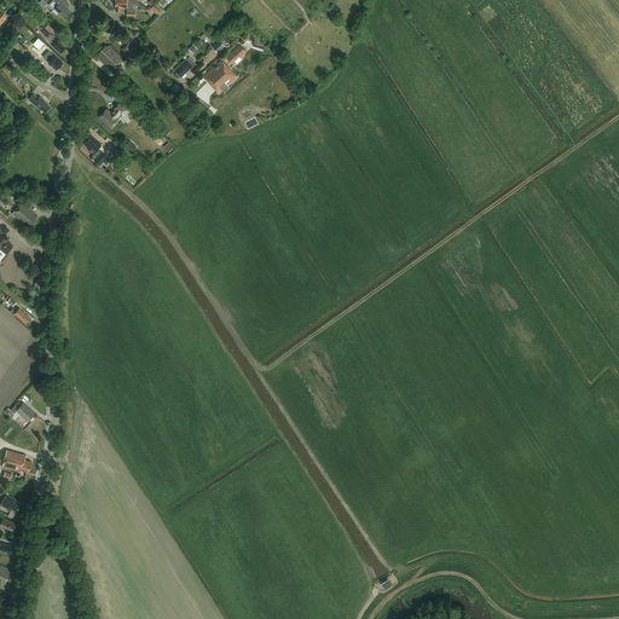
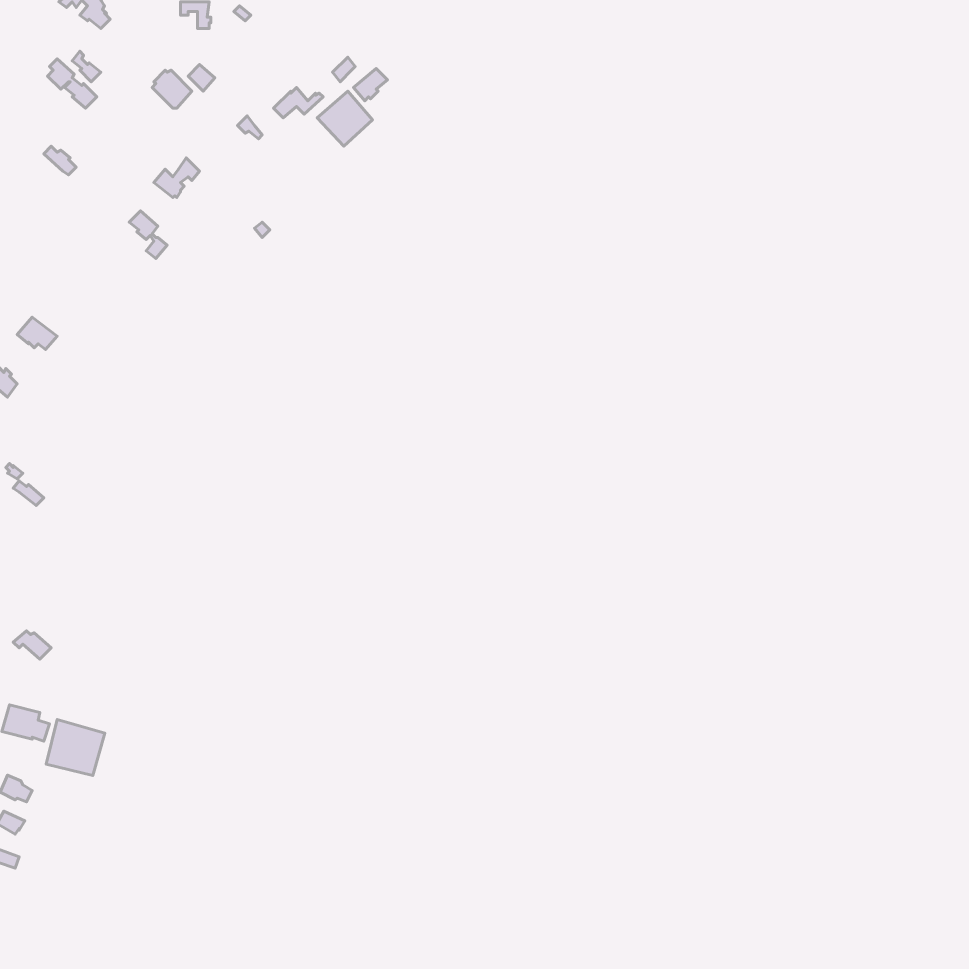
building: none -> [46,720,105,776]

